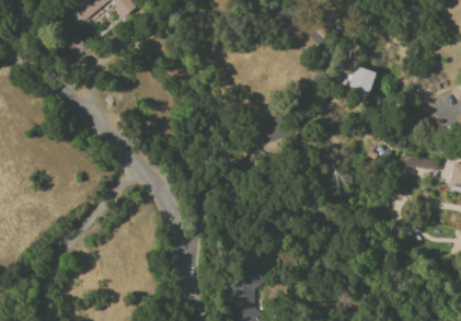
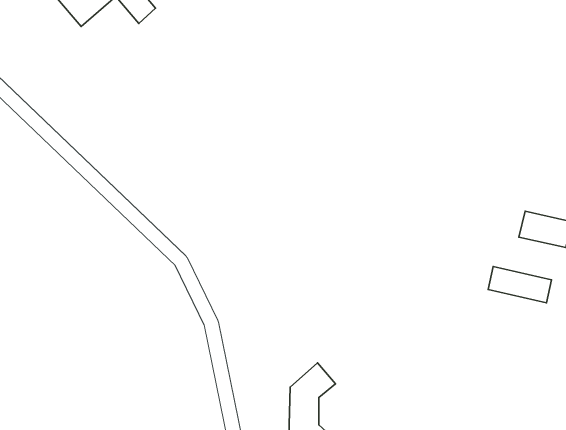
building: [348,67,377,96] -> none
building: none -> [488,267,552,303]

